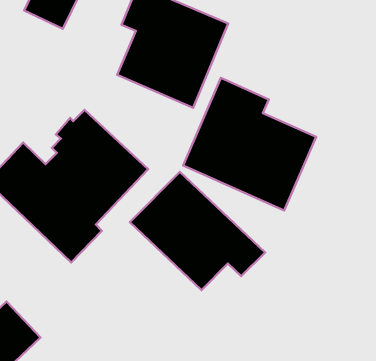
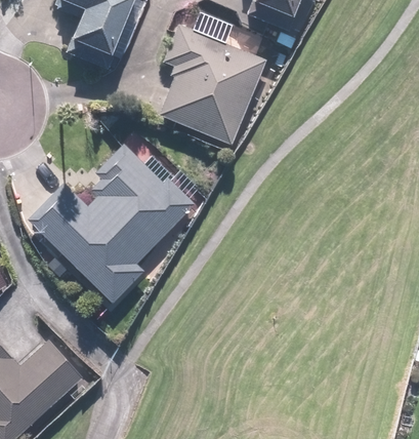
building: [183,78,316,211] -> none
building: [130,172,265,290] -> none

